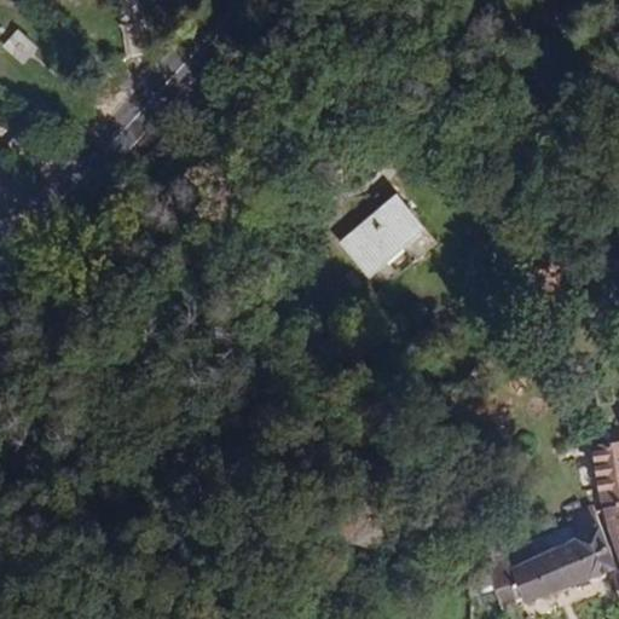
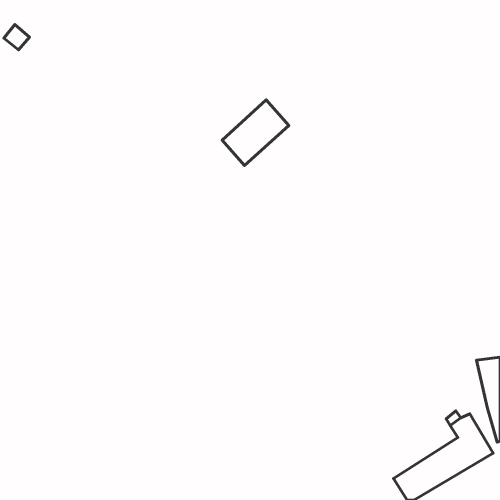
building: [345,193,427,274] -> [222,100,289,166]

